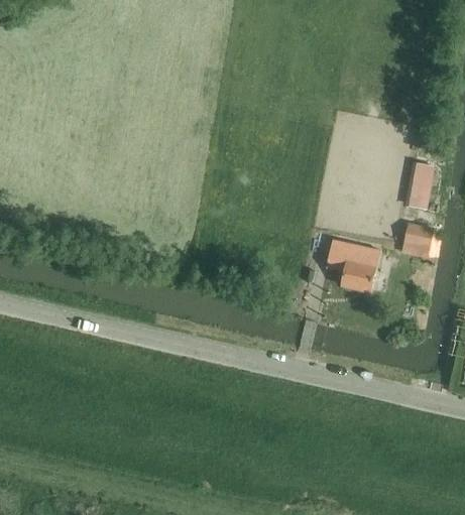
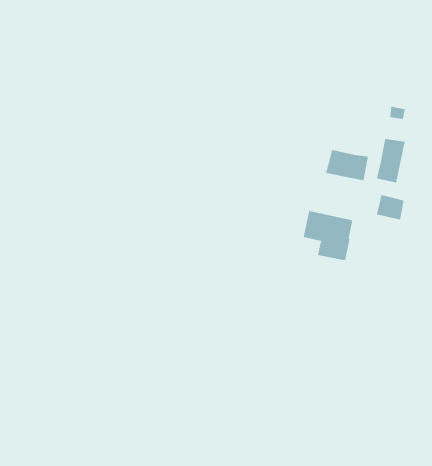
building: none -> [326,149,368,181]

